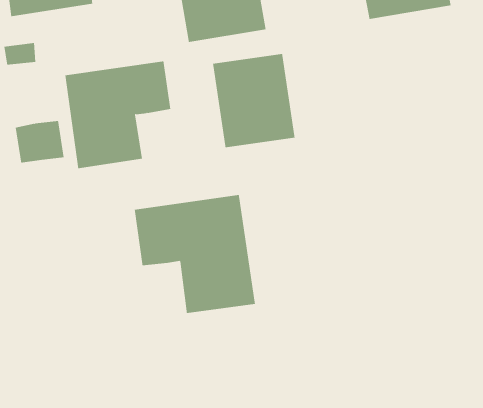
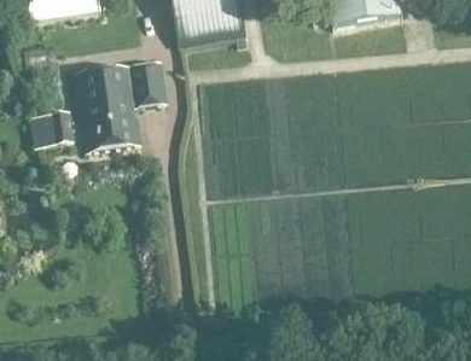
building: [212,53,295,148] -> none
building: [134,194,256,314] -> none

